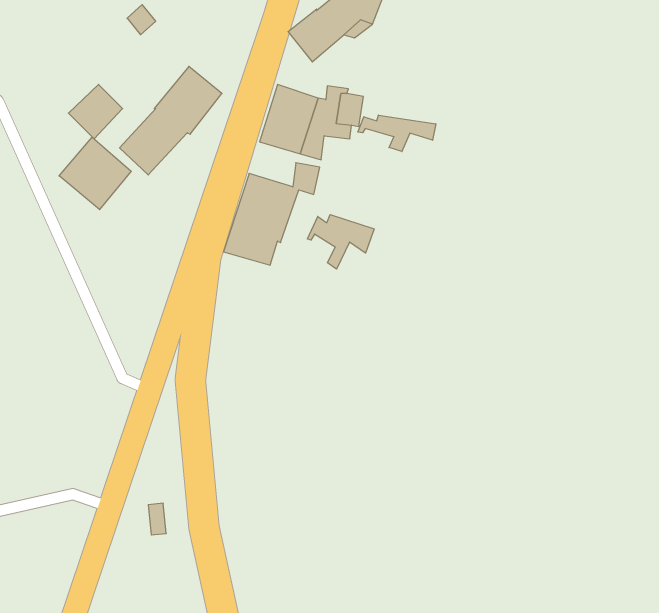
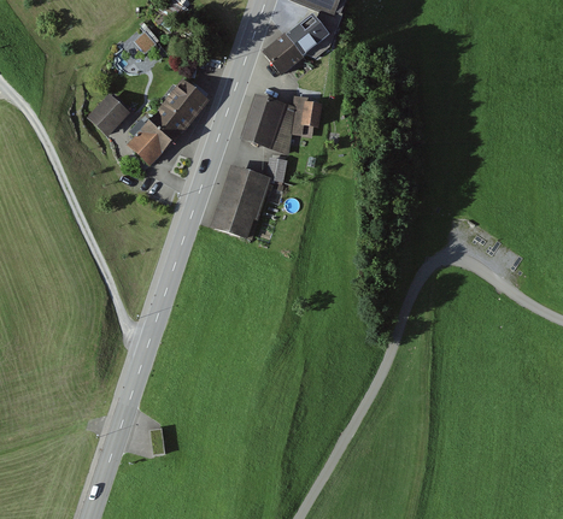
building: [358,115,436,152] -> none
building: [59,137,131,210] -> none
building: [307,215,374,269] -> none

